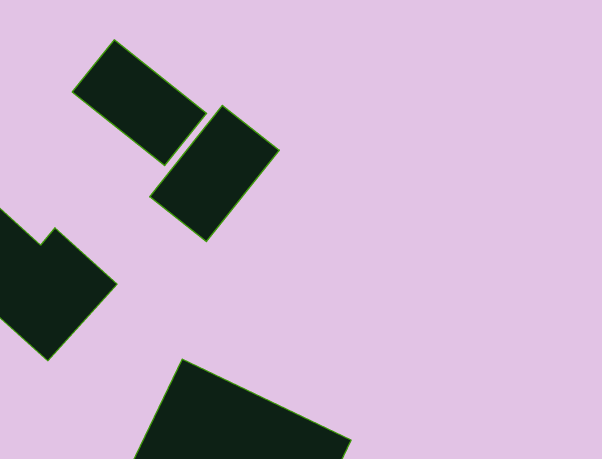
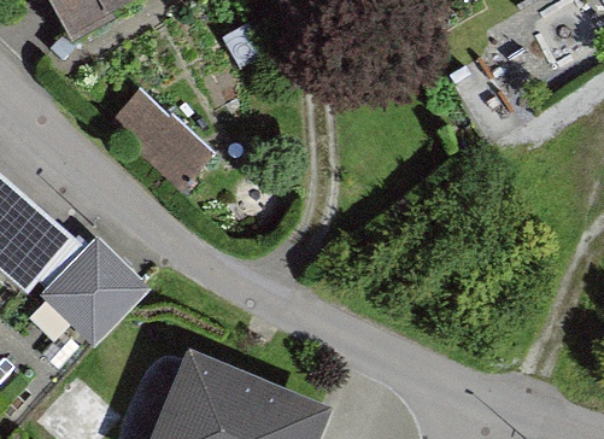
building: [150,105,279,242] -> none

